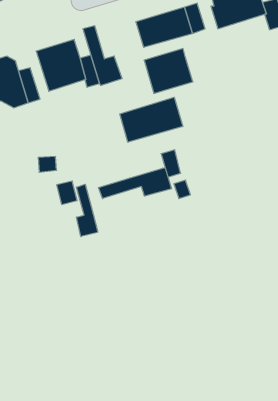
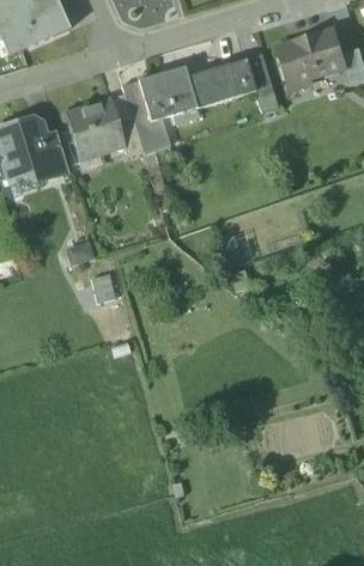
building: [144,49,193,93] -> [135,67,195,122]
building: [120,97,183,142] -> none
building: [98,168,171,199] -> none
building: [76,184,98,237] -> none

